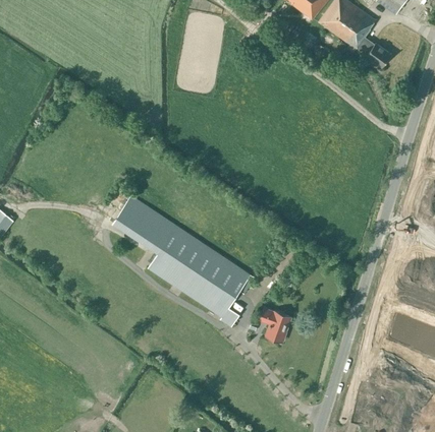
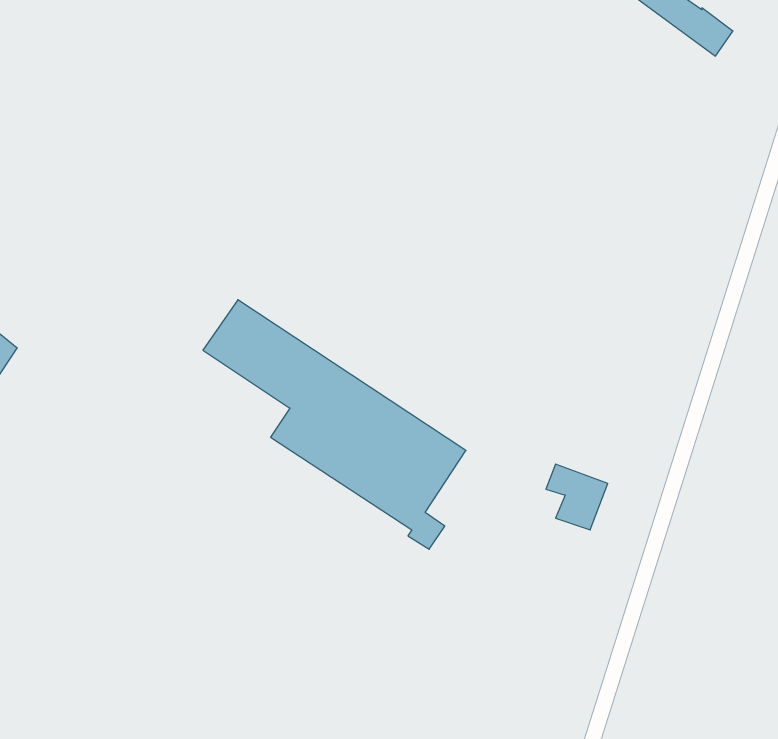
building: [259,307,291,342] -> [546,464,608,530]

